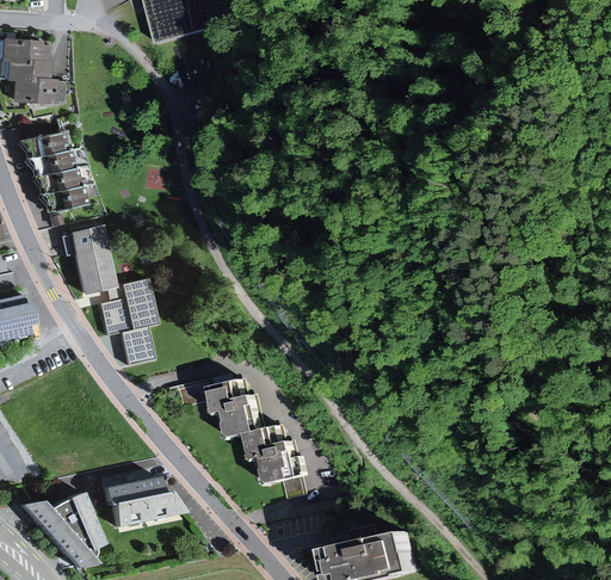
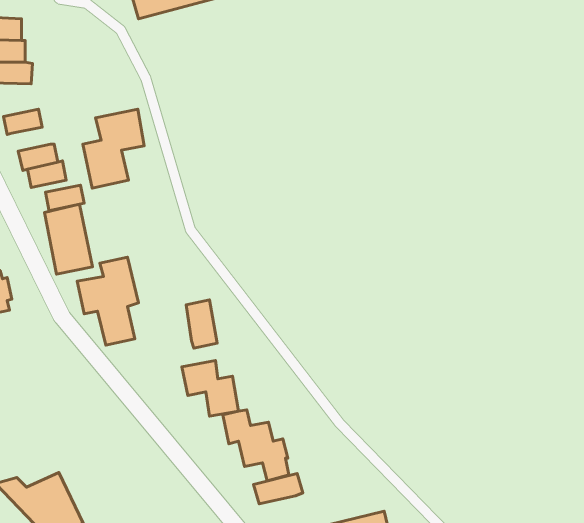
building: none -> [83,109,144,188]
building: [35,147,73,173] -> [45,185,84,212]
building: none -> [186,300,217,348]
building: [104,469,179,524] -> none
building: none -> [254,474,303,504]

